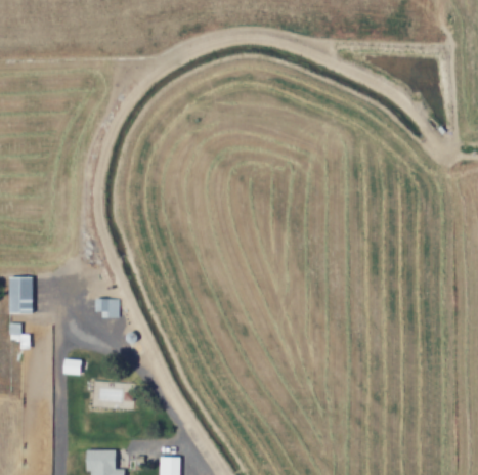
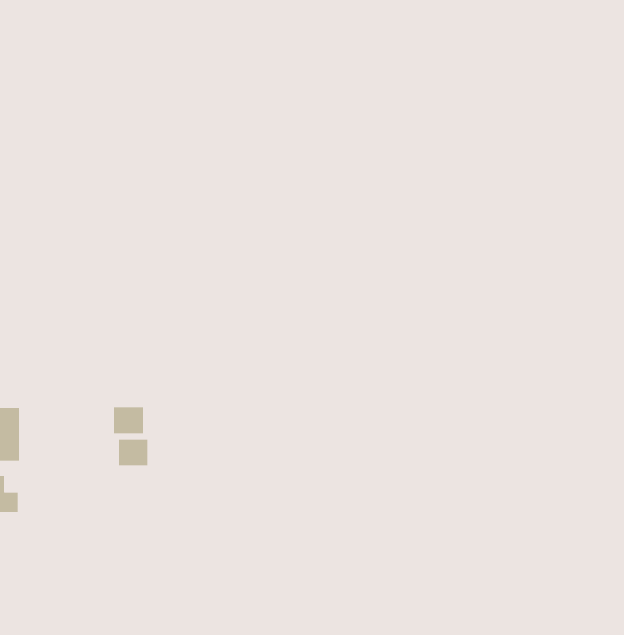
building: none -> [113,406,144,434]

